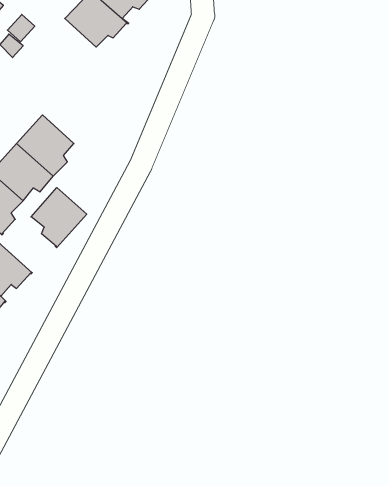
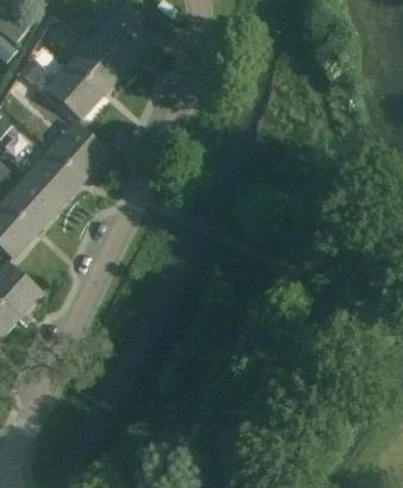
building: none -> [48,62,100,120]
building: none -> [51,123,108,176]
building: [31,188,87,248] -> none

